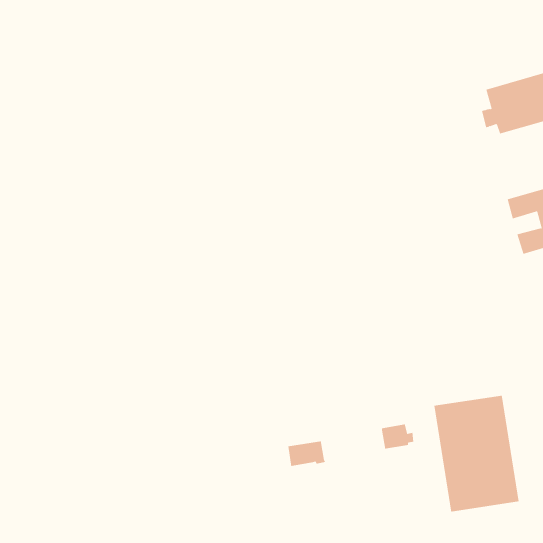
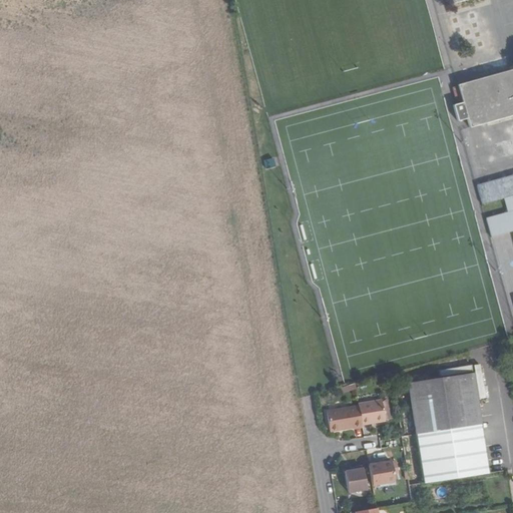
building: [287,441,326,466] -> [328,405,364,429]
building: none -> [370,459,399,483]
building: none -> [346,464,367,490]

